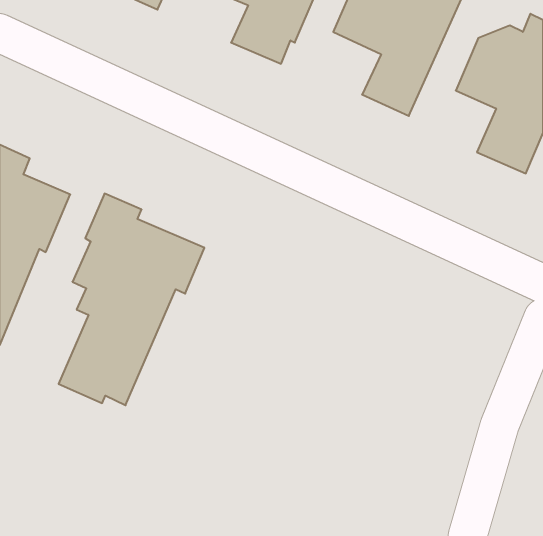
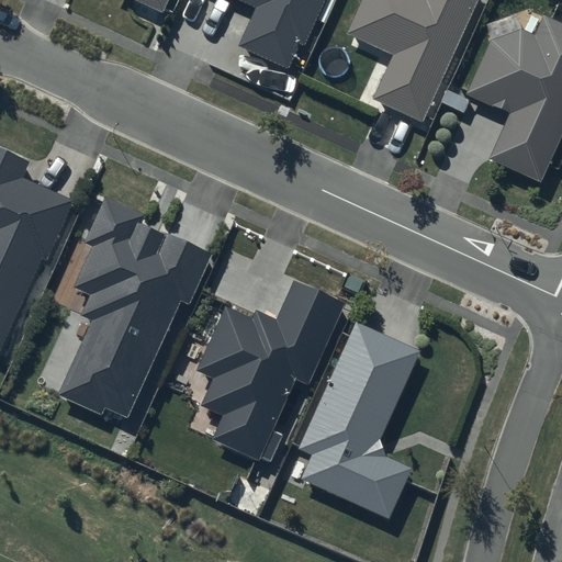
building: none -> [194,279,345,460]
building: none -> [297,319,422,519]

